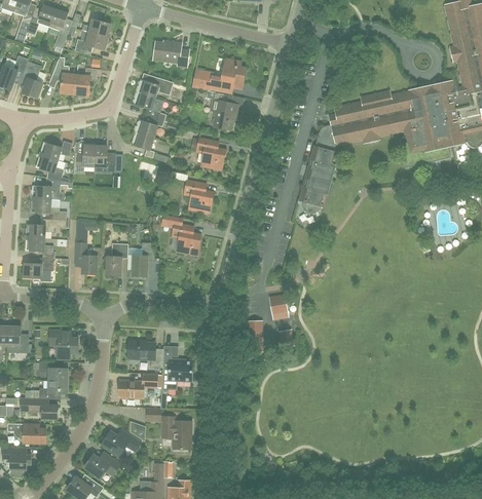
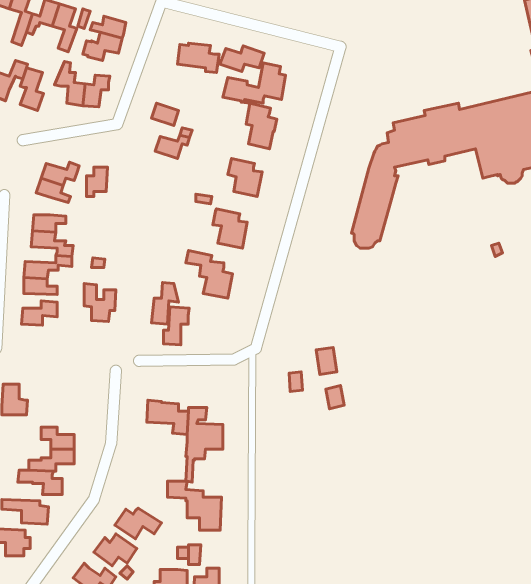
building: [136,76,173,98] -> [220,46,264,72]
building: [131,131,168,162] -> none
building: [94,145,115,171] -> none
building: [106,243,127,275] -> [164,307,189,345]
building: [48,331,77,359] -> none
building: [118,375,161,398] -> none

